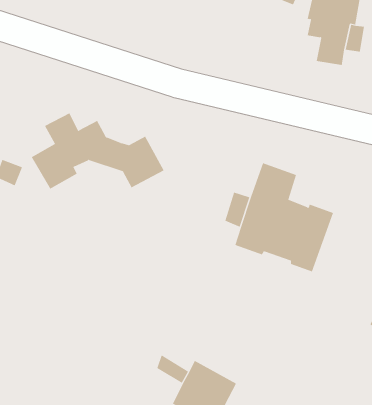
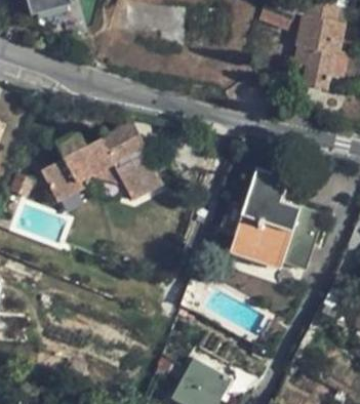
building: none -> [103,122,144,158]

